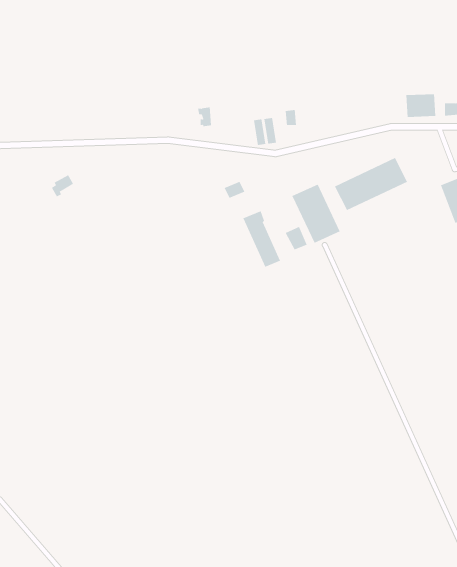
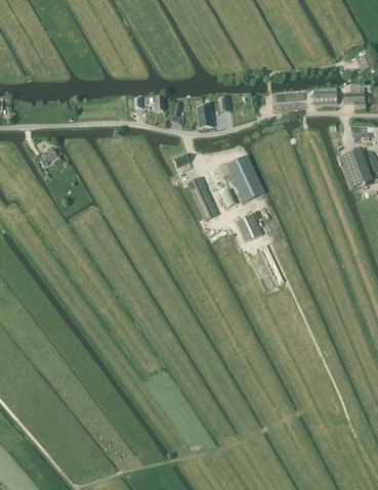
building: [334,157,408,211] -> none
building: none -> [237,214,262,241]

